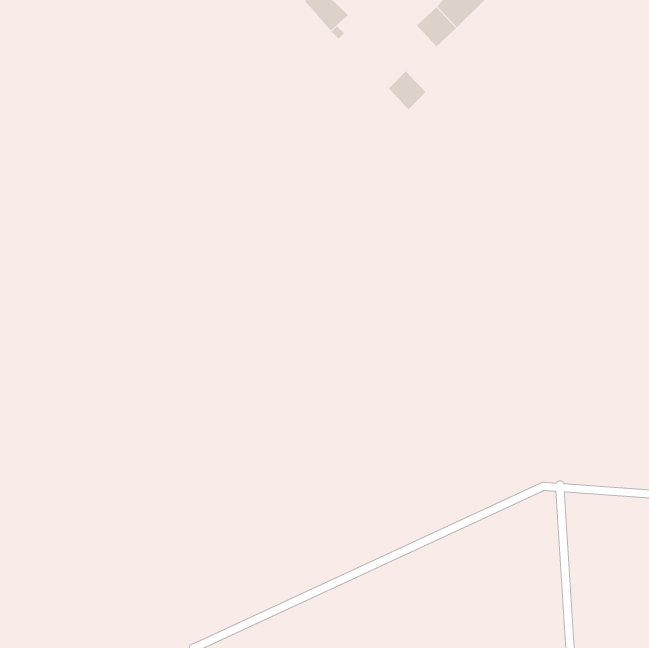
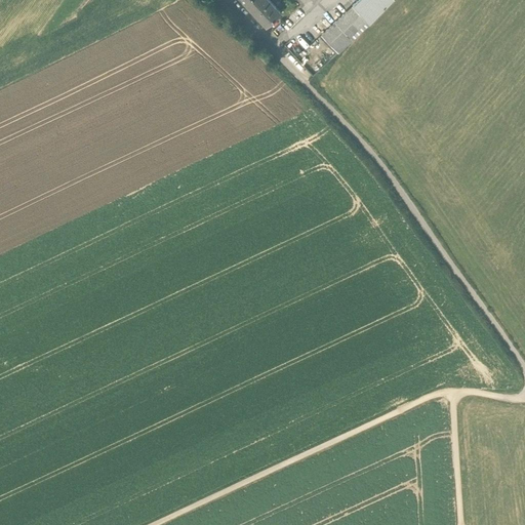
building: [388,71,426,110] -> [322,21,353,52]

